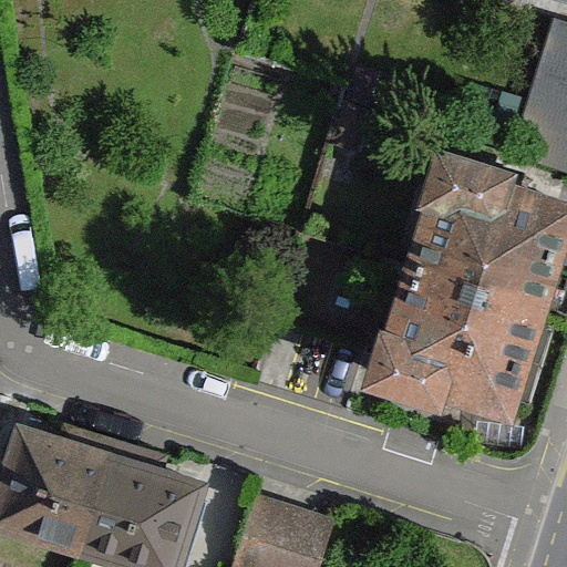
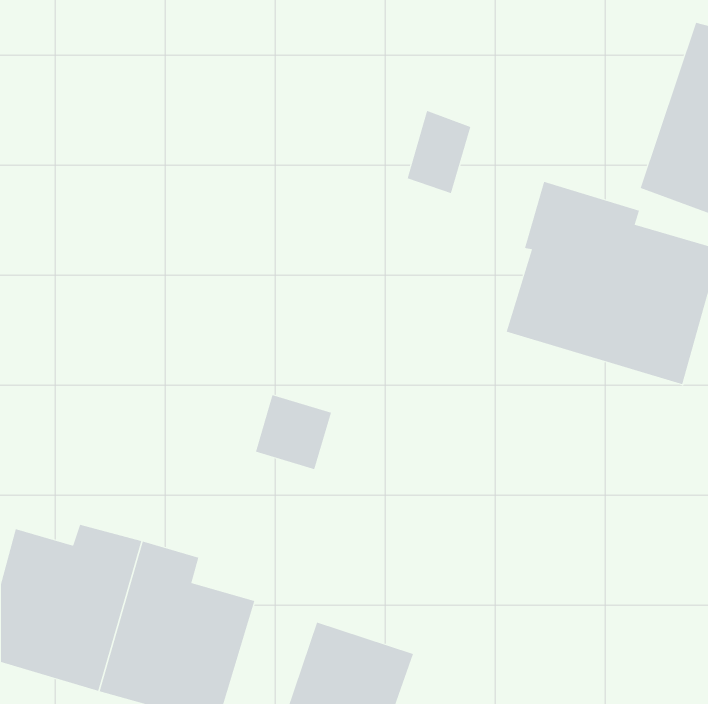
building: [363,270,546,420] -> none

